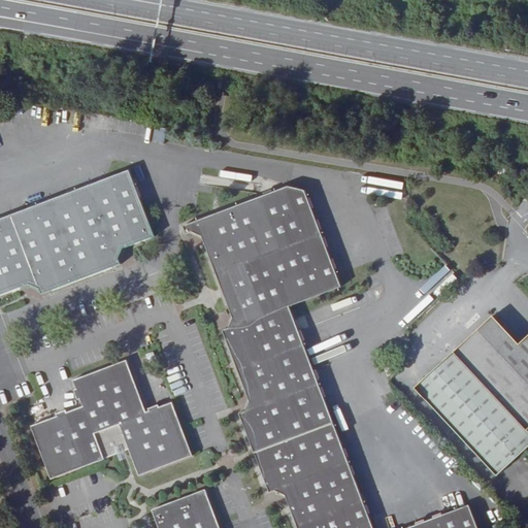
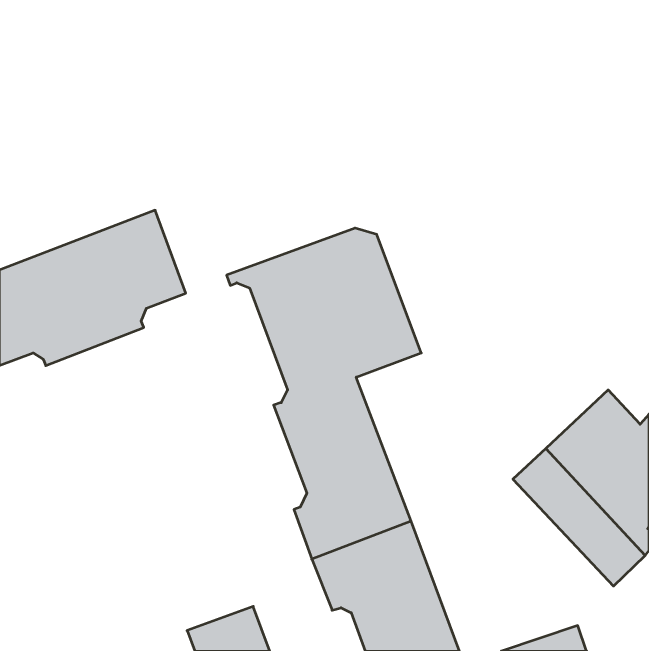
building: [30,361,193,480] -> none

